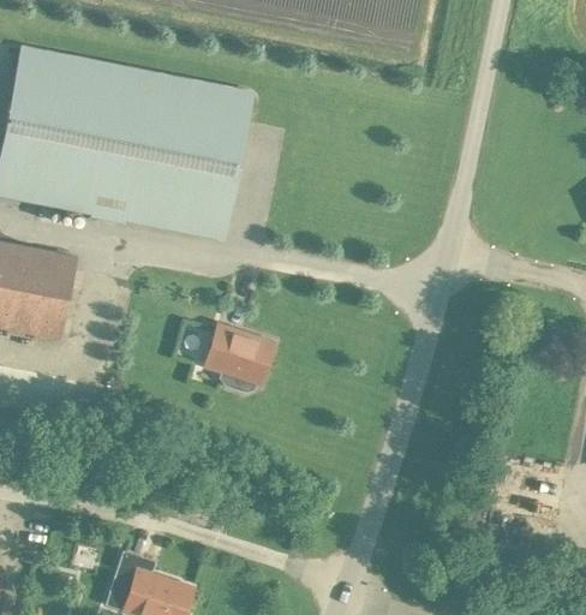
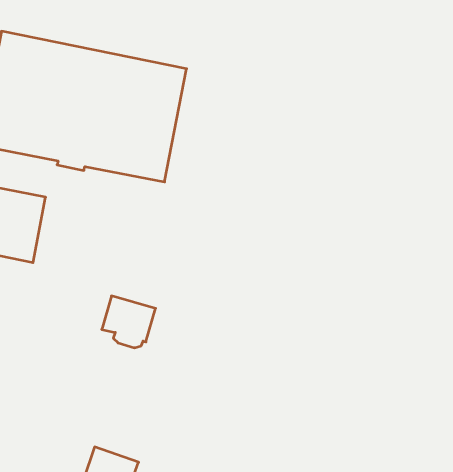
building: [203,326,270,390] -> [102,296,156,348]

